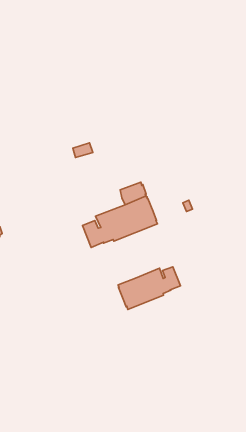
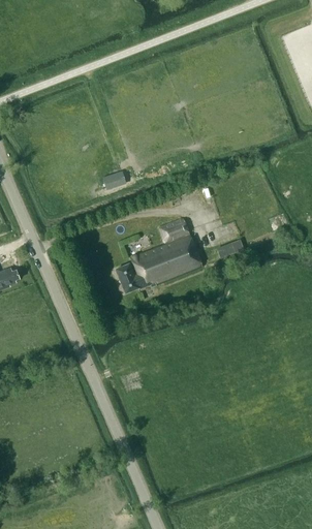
building: [118,267,180,310] -> none

